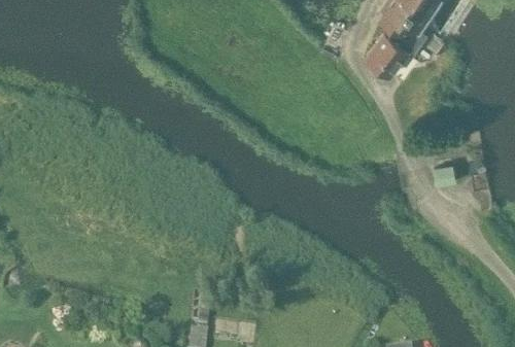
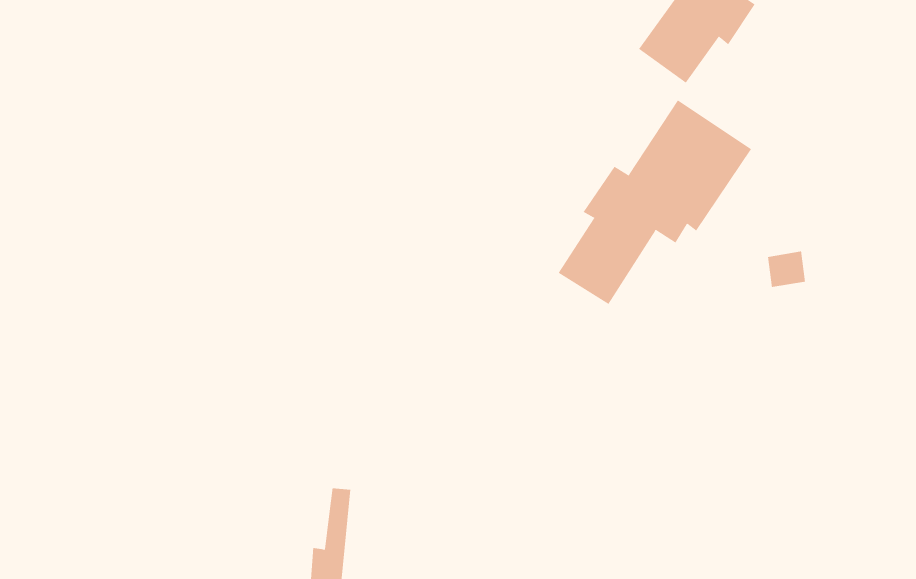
building: none -> [558,100,752,305]

